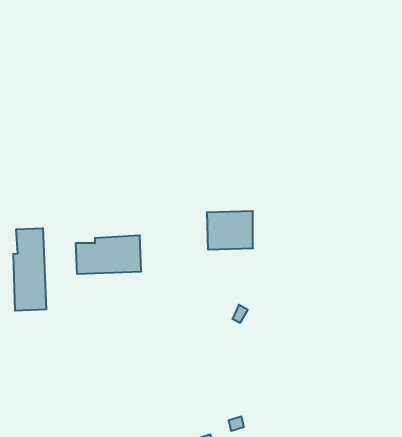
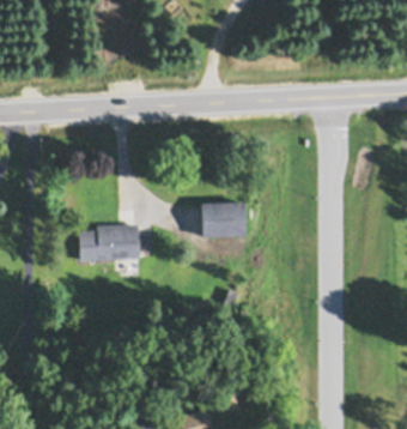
building: [13,228,46,311] -> none

